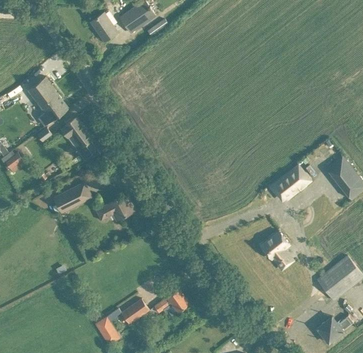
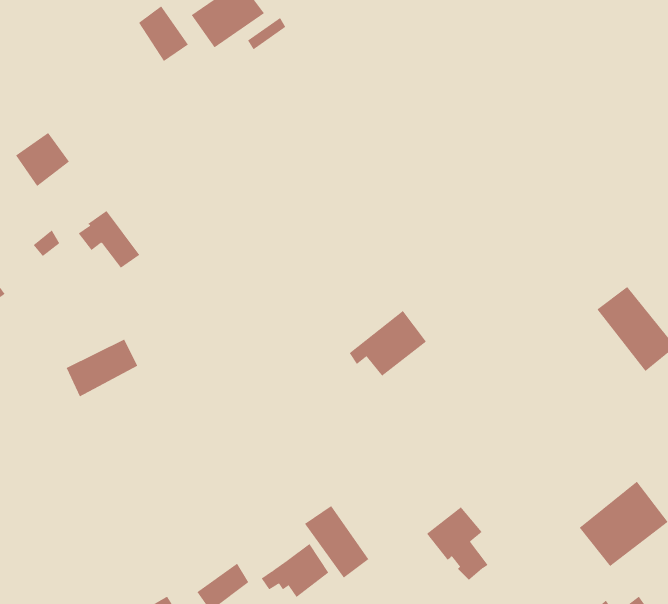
building: [38,92,68,126] -> none
building: [270,165,310,199] -> [349,310,427,376]
building: [97,195,134,220] -> none
building: [260,231,292,269] -> [426,506,488,580]
building: none -> [304,505,369,579]

